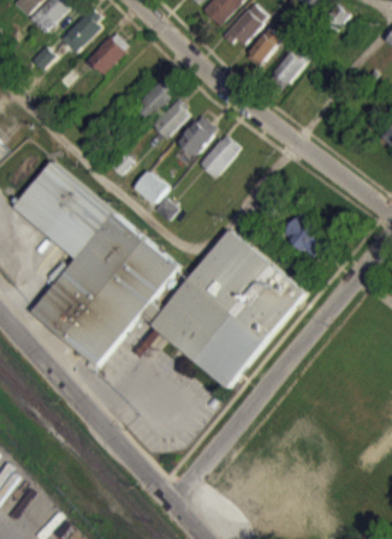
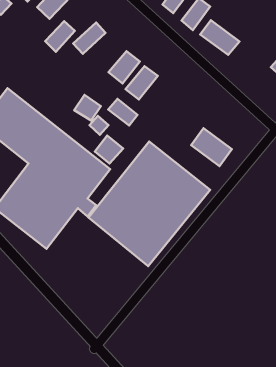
building: none -> [200,20,239,55]
building: [153,100,190,138] -> [45,21,75,52]
building: none -> [108,99,138,126]
building: none -> [95,136,123,164]

